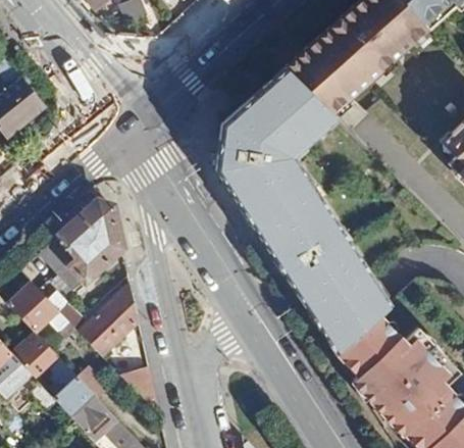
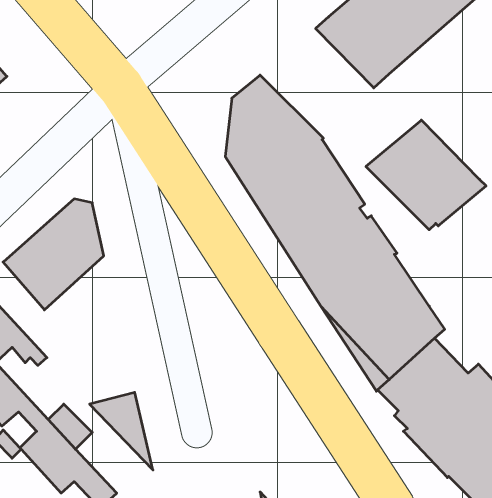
building: [244,67,339,154] -> [366,120,486,230]
building: [79,285,138,356] -> none

